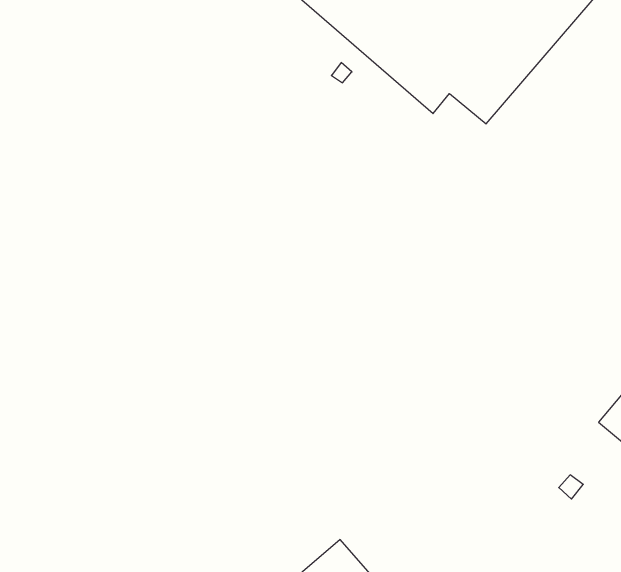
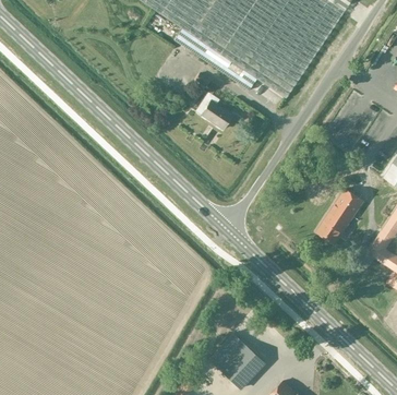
building: none -> [202,99,233,128]
building: none -> [317,188,364,243]

